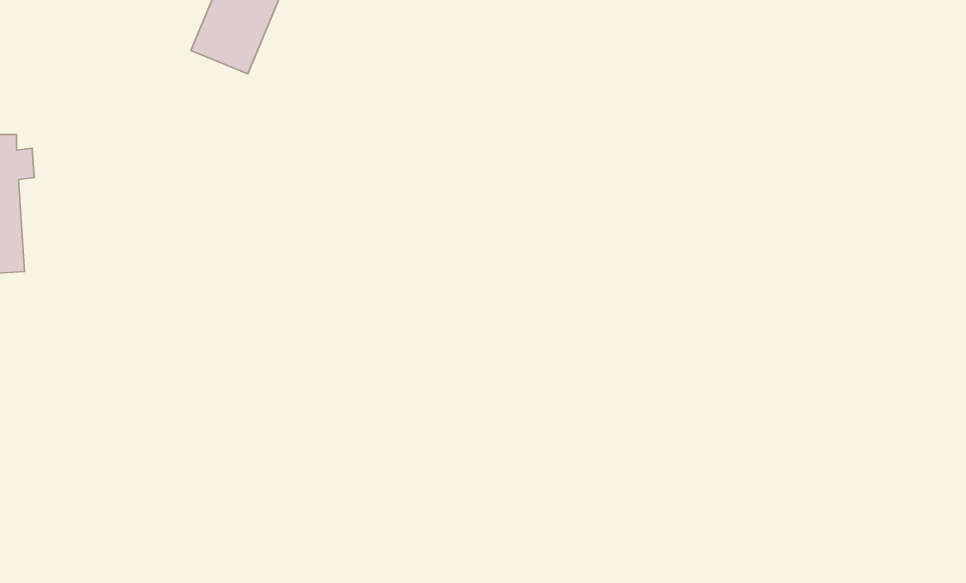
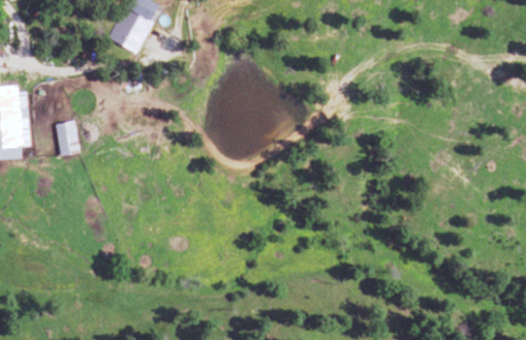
building: none -> [55,121,79,156]

